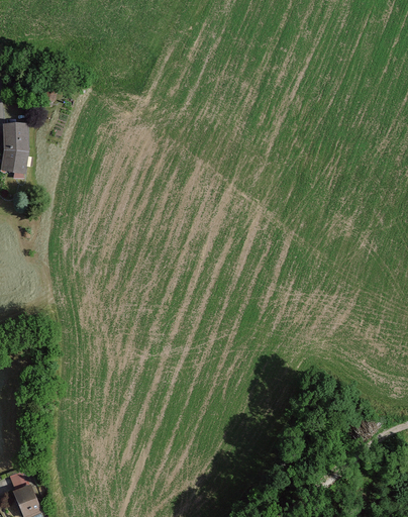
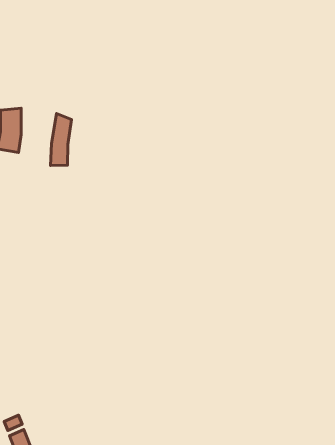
building: none -> [50,114,72,165]

